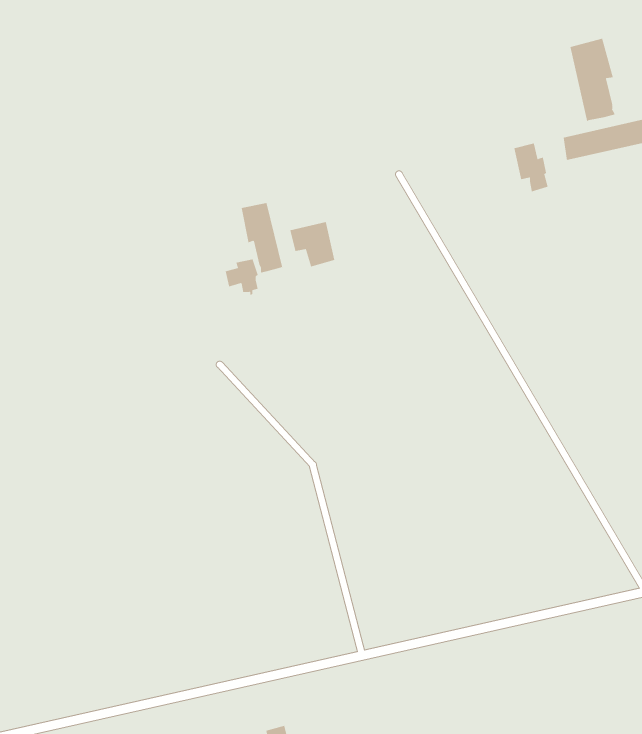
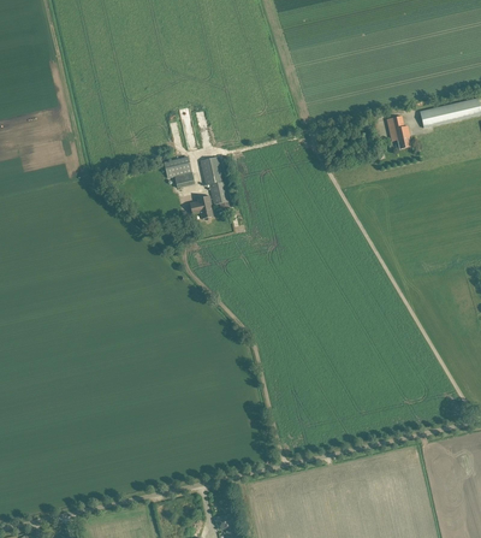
building: [570,38,616,122] -> none
building: [289,221,335,267] -> [161,156,192,188]

